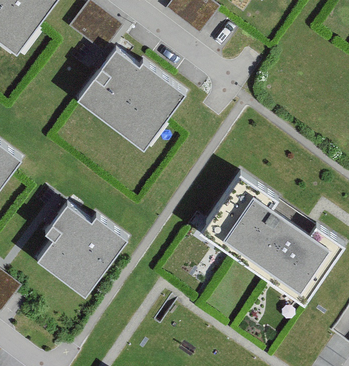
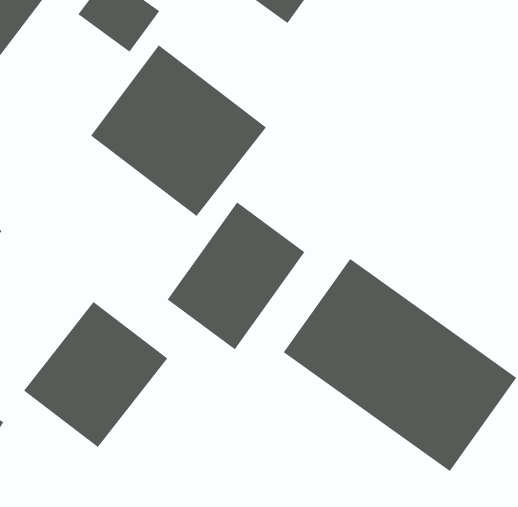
building: none -> [167,202,305,350]

